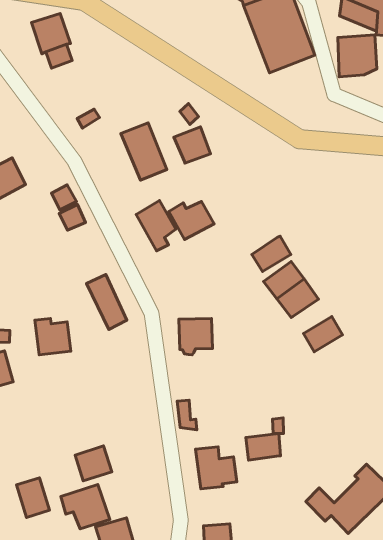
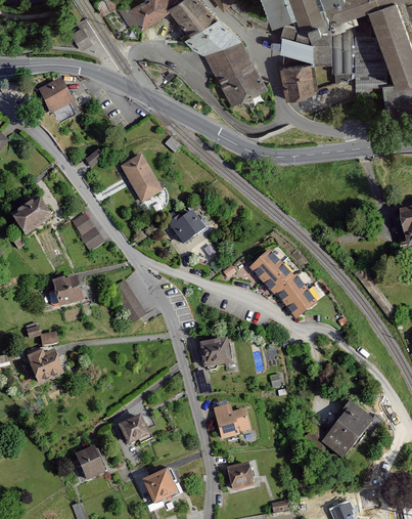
building: [174,127,211,163] -> none
building: [136,200,176,251] -> none
building: [252,236,291,272] -> [275,274,306,304]
building: [35,318,71,355] -> [51,275,83,305]
building: [179,318,213,355] -> [200,338,230,369]
building: [246,434,281,460] -> none
building: [61,485,110,529] -> none

